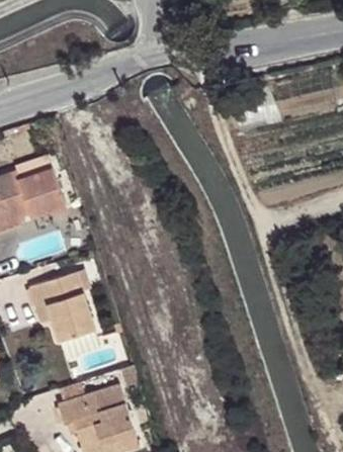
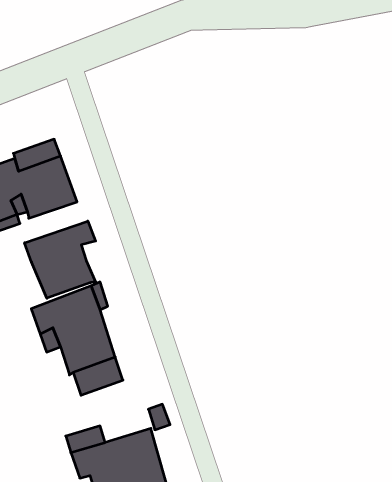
building: none -> [25,221,96,298]

